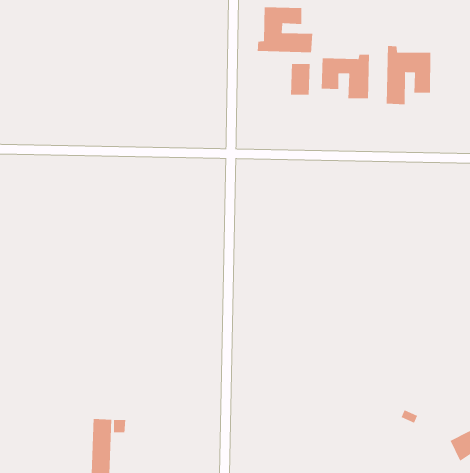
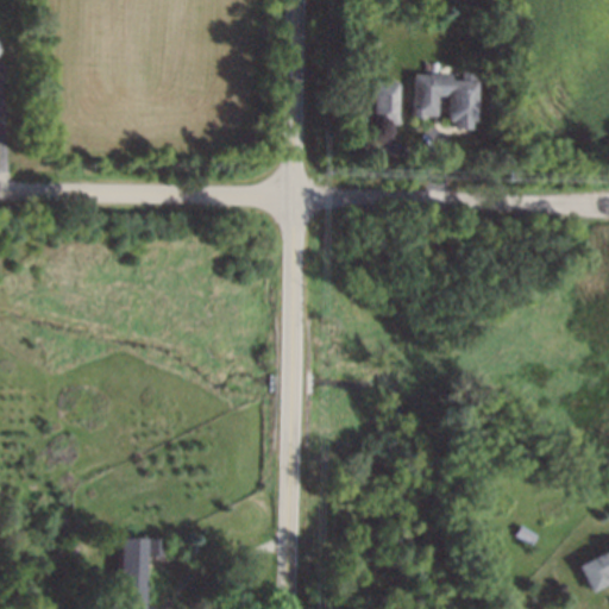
building: [257,7,313,53] -> none
building: [386,45,431,105] -> none

